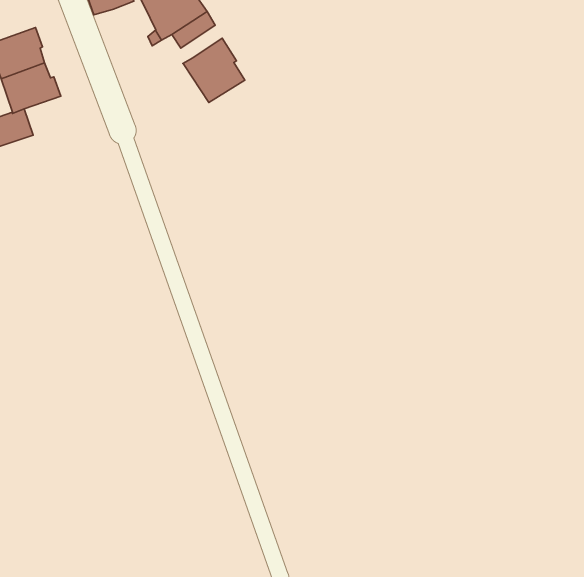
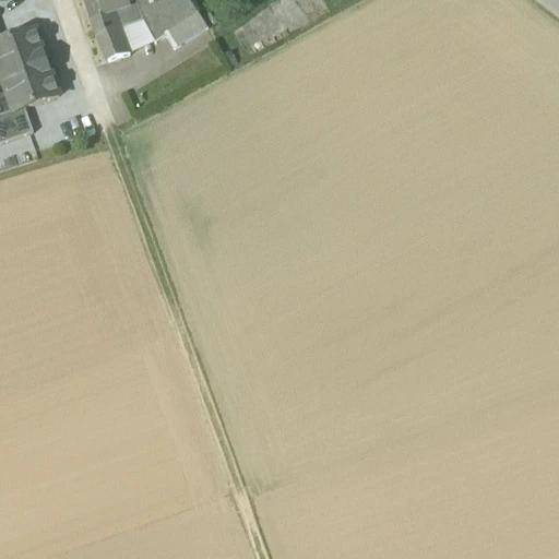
building: none -> [90,9,129,57]
building: [183,38,245,102] -> none

